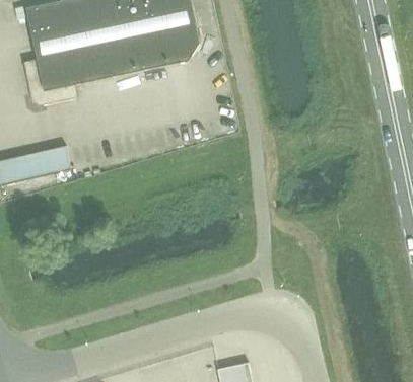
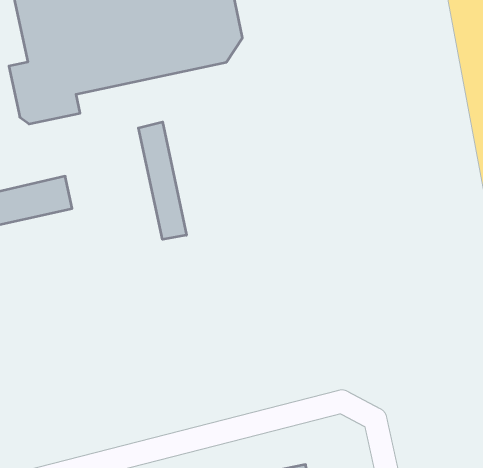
building: none -> [138,122,186,239]

